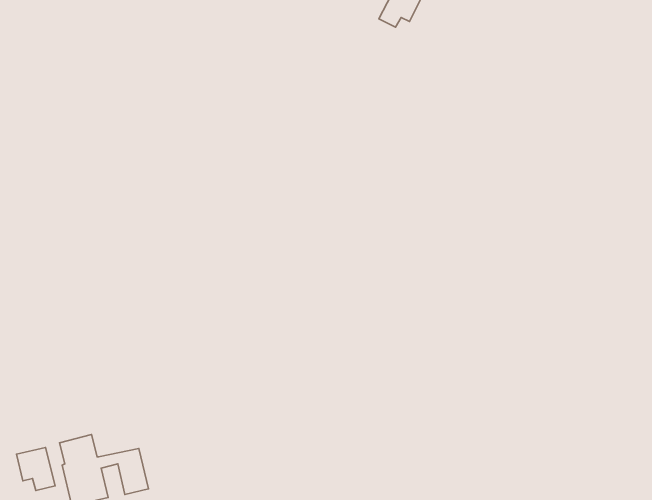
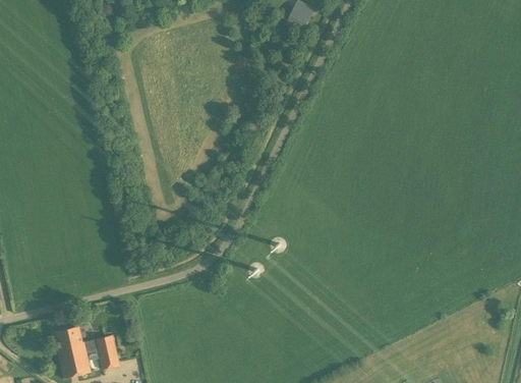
building: [17,447,55,490] -> none

